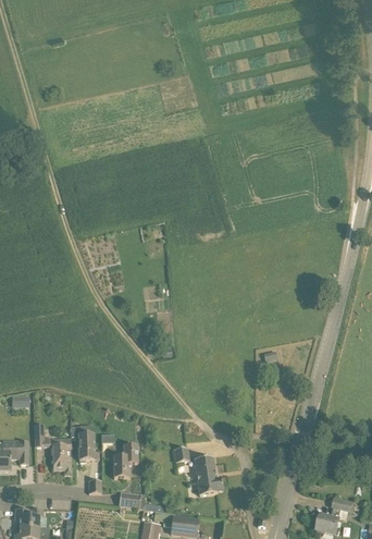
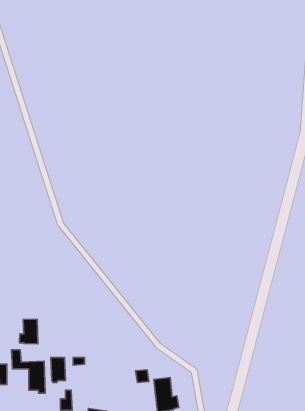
building: none -> [20,319,38,344]
building: [113,444,137,478] -> none

